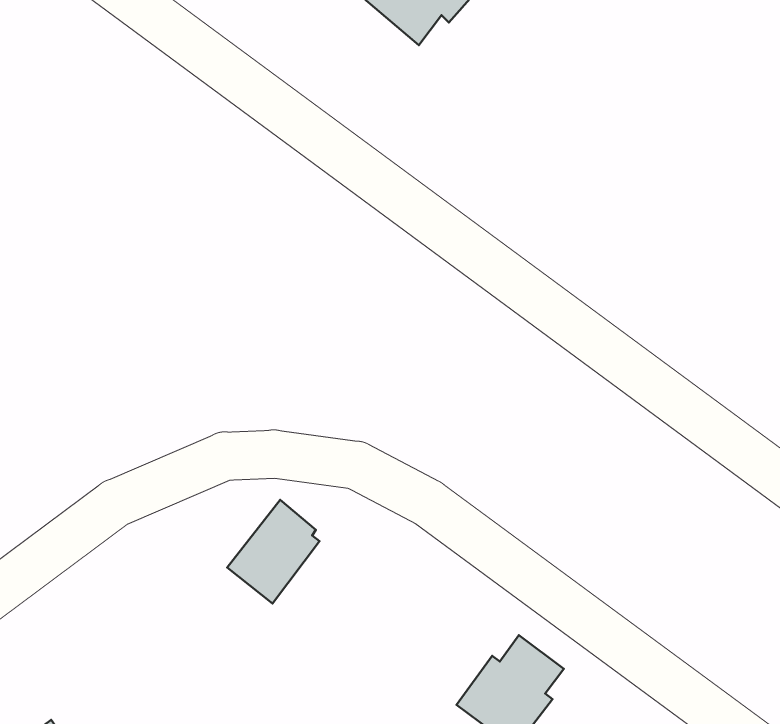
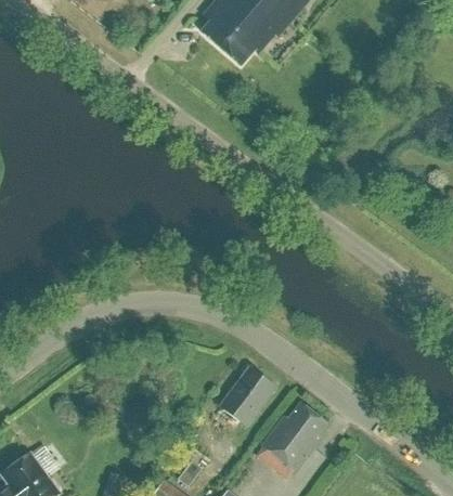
building: [227,500,320,603] -> [220,366,273,426]

